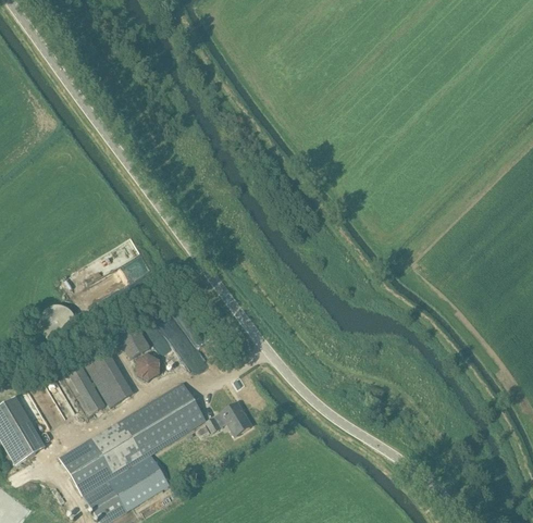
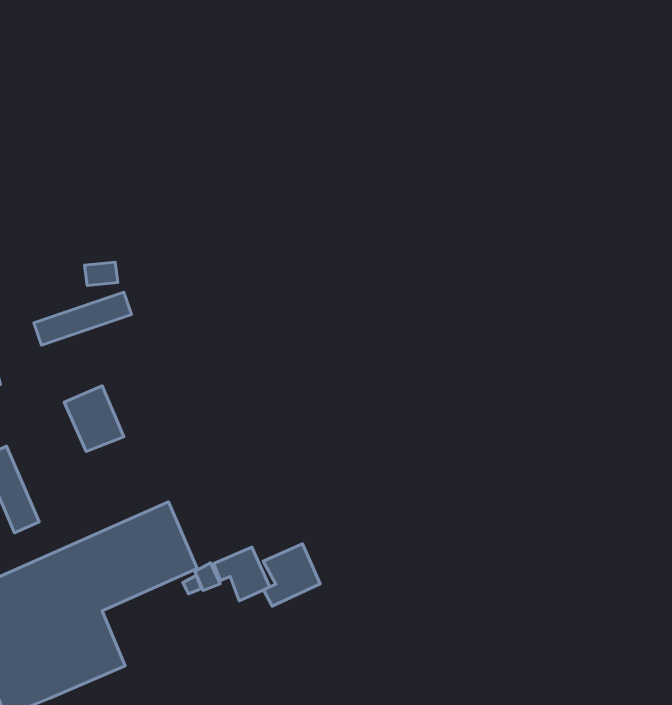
building: [82,349,133,409] -> none
building: [133,358,157,378] -> none
building: none -> [263,544,320,606]

